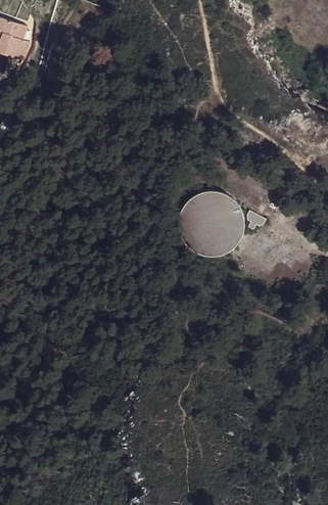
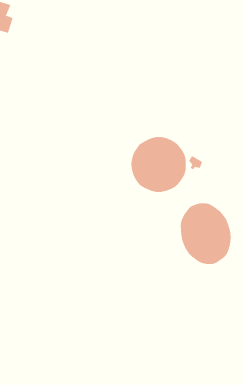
building: none -> [180,202,231,265]

